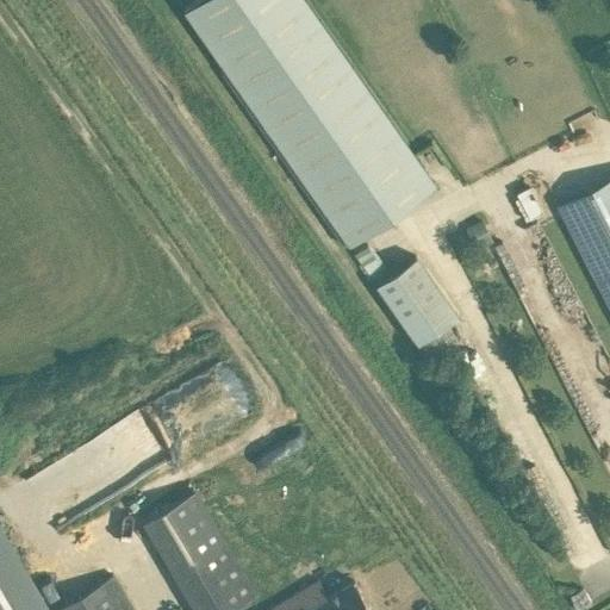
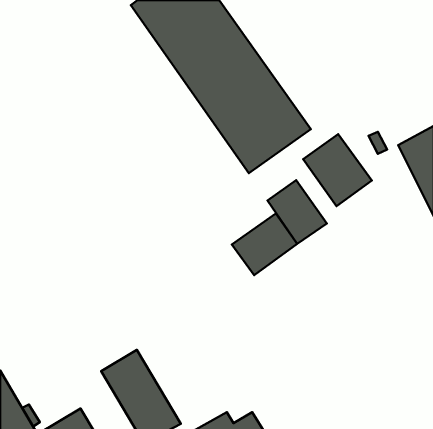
building: none -> [303,134,372,206]
building: none -> [232,213,297,275]

